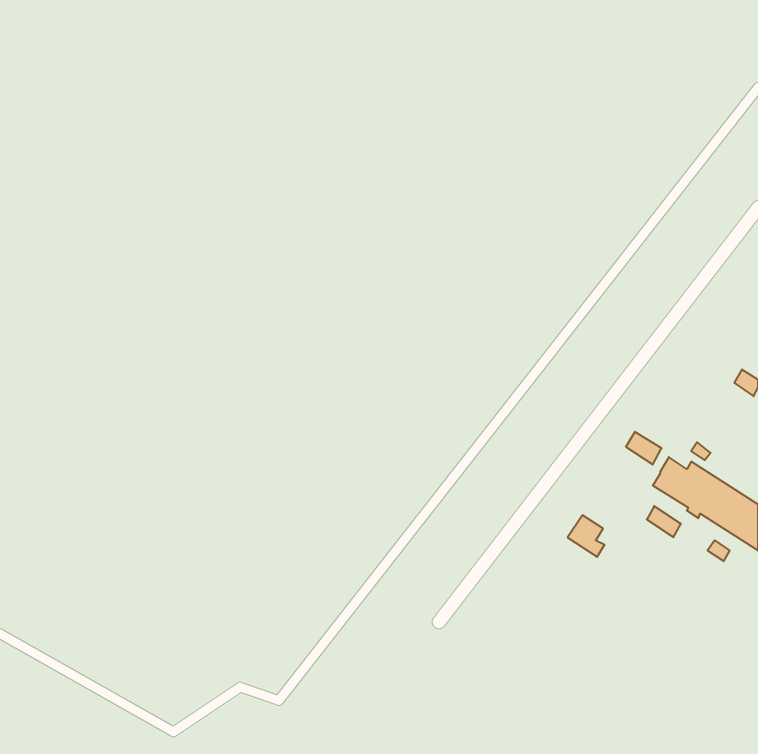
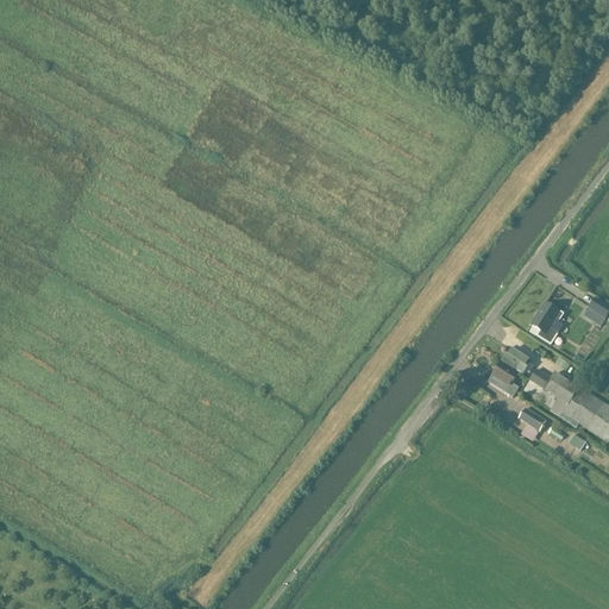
building: none -> [530,302,564,345]
building: [568,515,605,557] -> [489,362,519,395]

